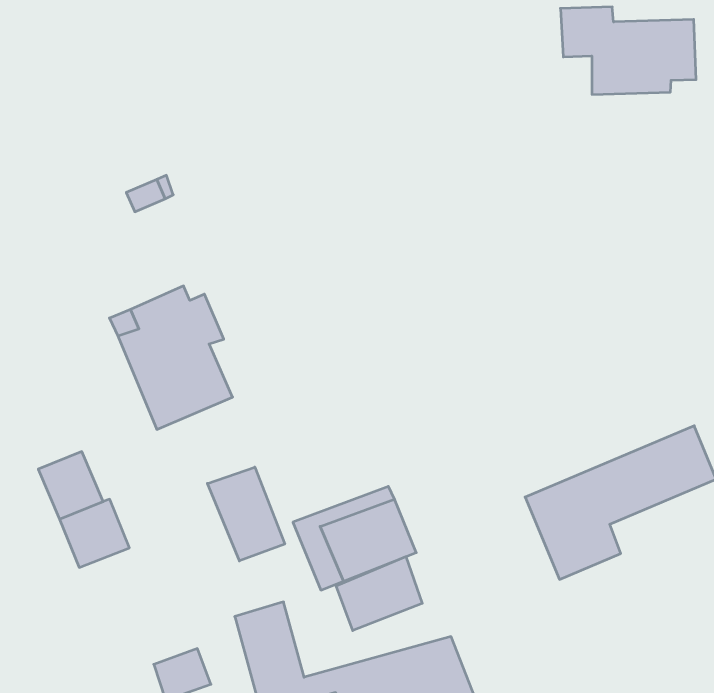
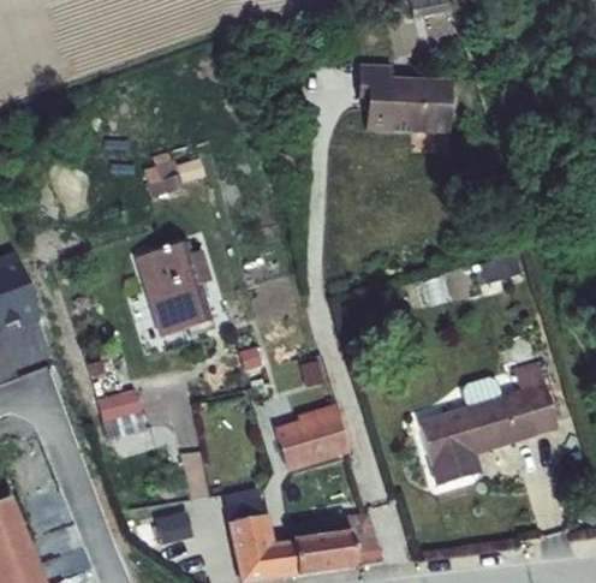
building: [560,7,696,94] -> [362,65,458,132]
building: [207,467,285,561] -> none
building: [336,557,422,631] -> none

